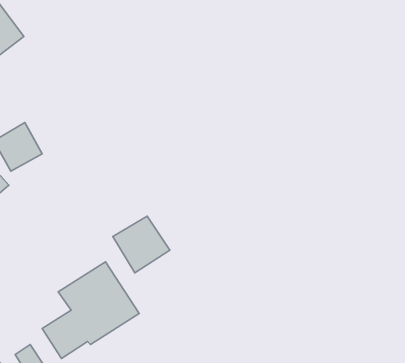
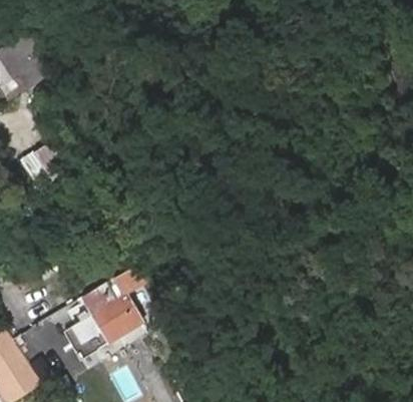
building: [113,216,170,273] -> none

